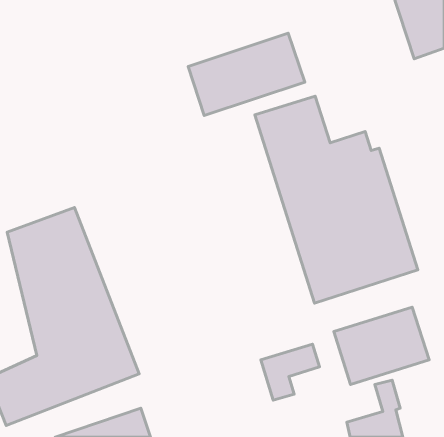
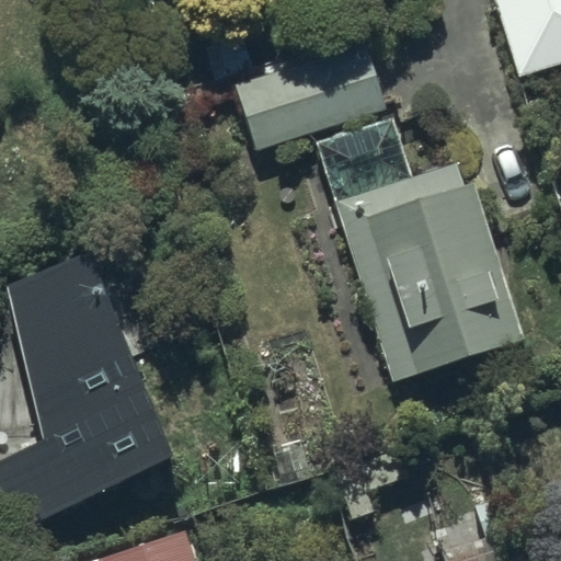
building: [334,307,429,385] -> none

